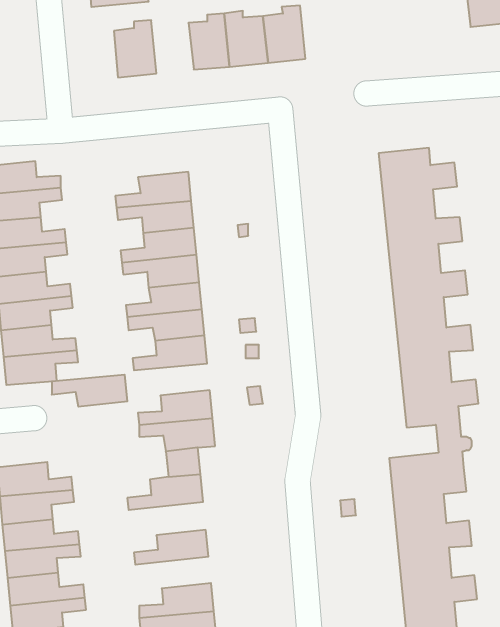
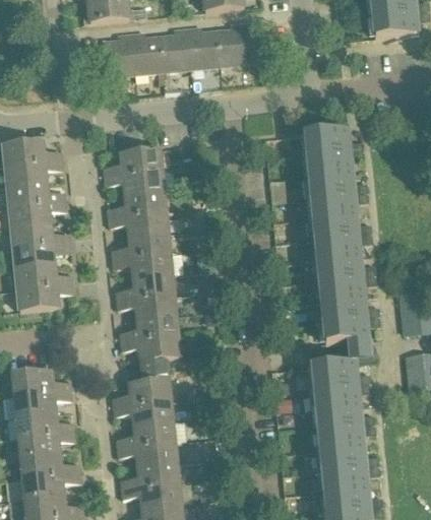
building: none -> [129,31,162,73]
building: [52,375,127,407] -> [116,295,174,319]
building: none -> [112,400,171,426]
building: none -> [117,442,175,466]

